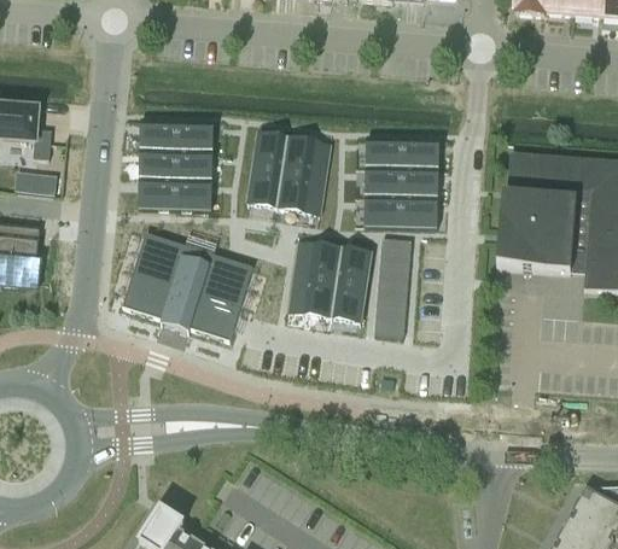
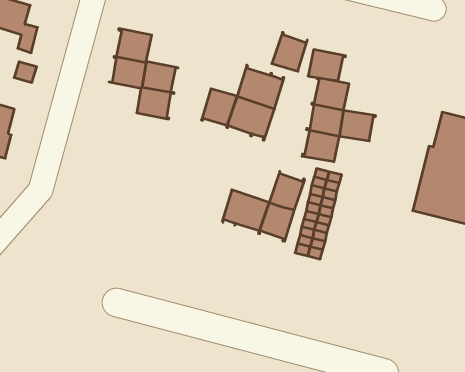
building: [176,119,214,151] -> none
building: [252,132,287,171] -> [272,32,307,71]
building: [402,138,439,168] -> [308,50,346,81]
building: [139,179,175,208] -> none
building: [401,197,438,227] -> none
building: [123,233,252,339] -> none
building: [293,240,343,282] -> none

